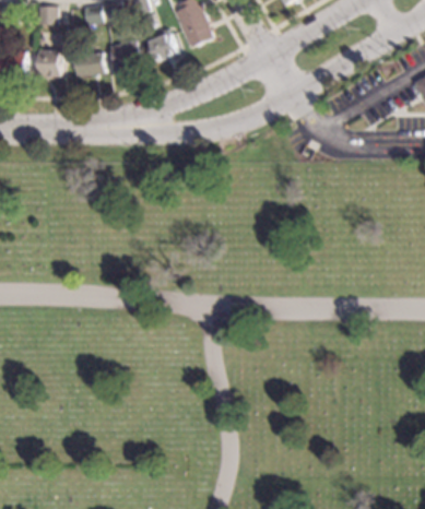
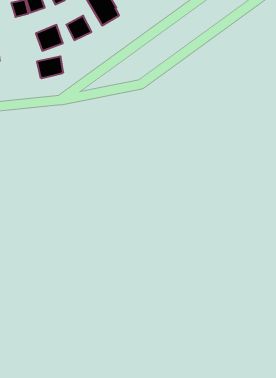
building: [73,51,104,75] -> [37,56,63,78]

